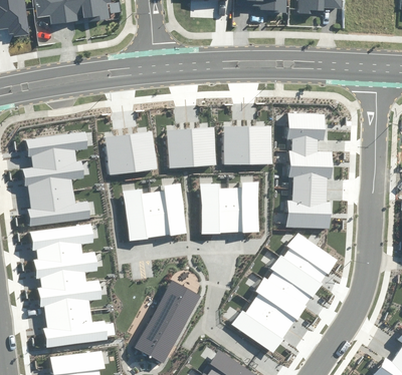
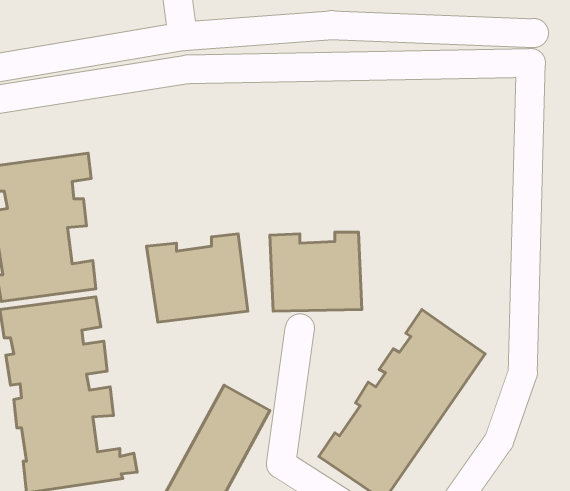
building: [285,113,333,229] -> none
building: [224,125,272,164] -> none
building: [167,126,218,168] -> none
building: [105,131,157,175] -> none

